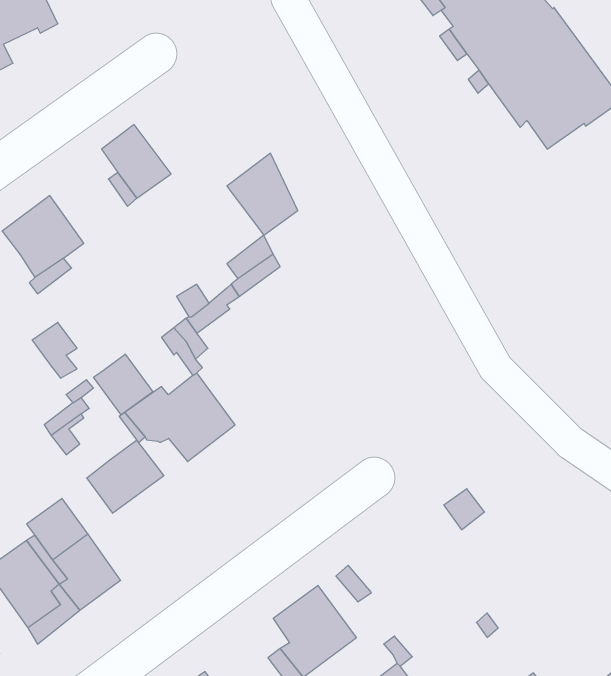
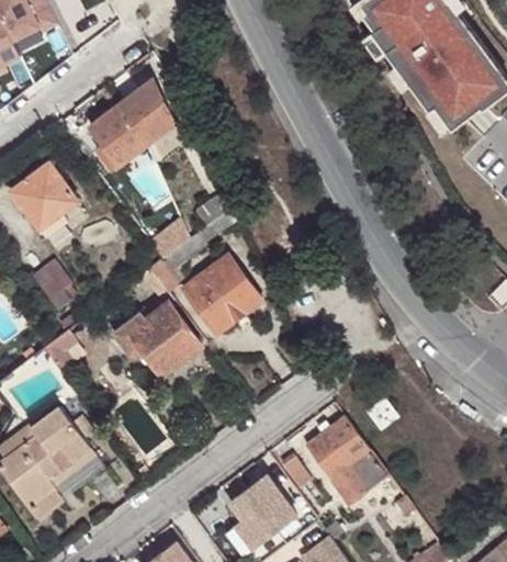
building: [227,153,298,235] -> [117,77,174,143]
building: none -> [183,256,260,331]
building: [94,354,153,415] -> none
building: [87,440,164,513] -> none
building: none -> [300,415,385,504]

